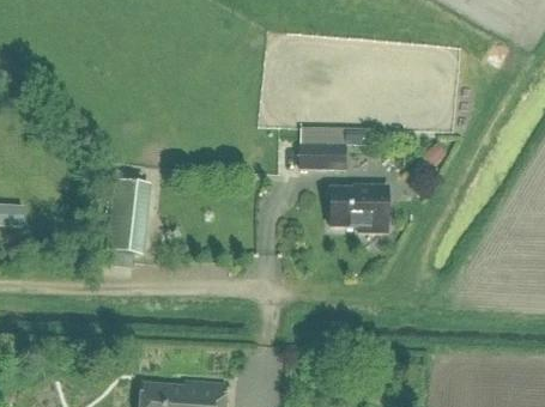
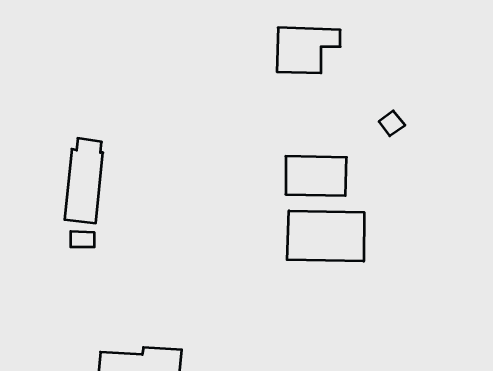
building: [302,126,365,171] -> [277,28,340,73]
building: none -> [287,211,364,261]

